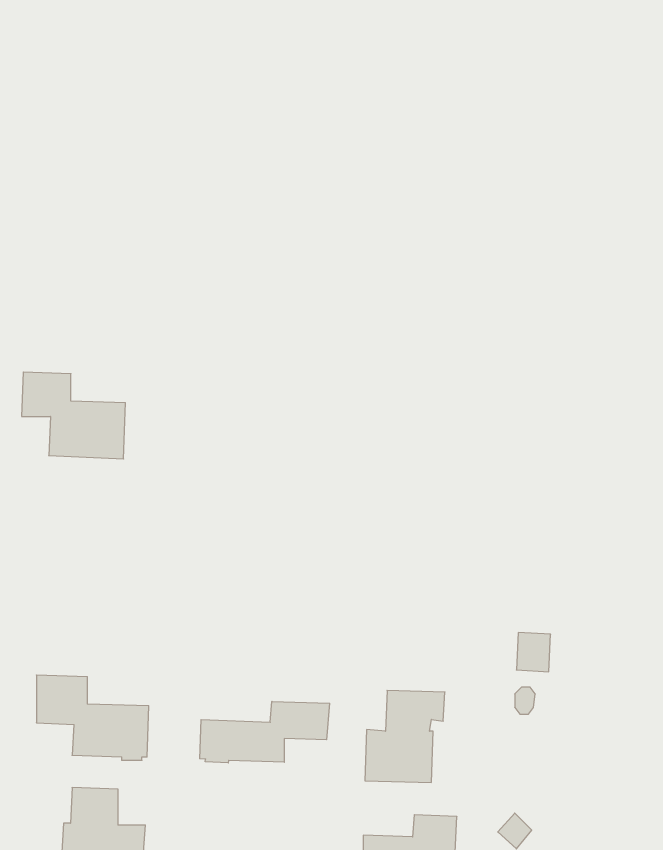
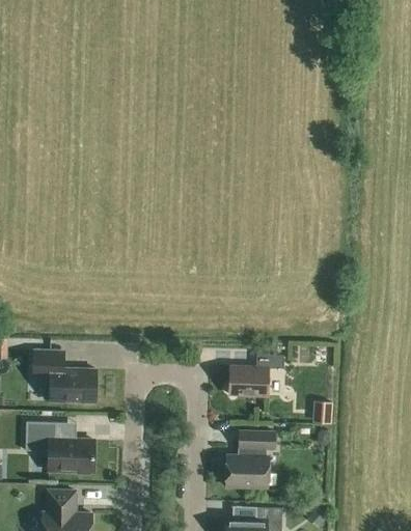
building: [22,372,125,459] -> [33,350,97,402]
building: none -> [229,354,284,395]
building: [200,701,330,763] -> none

